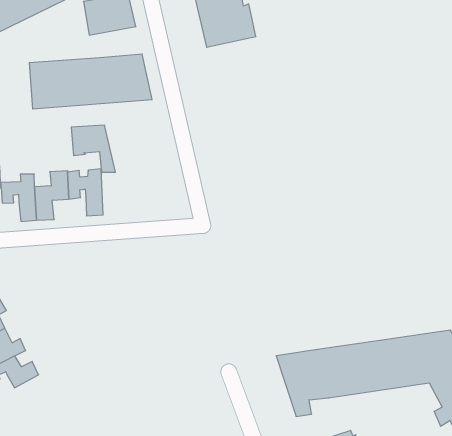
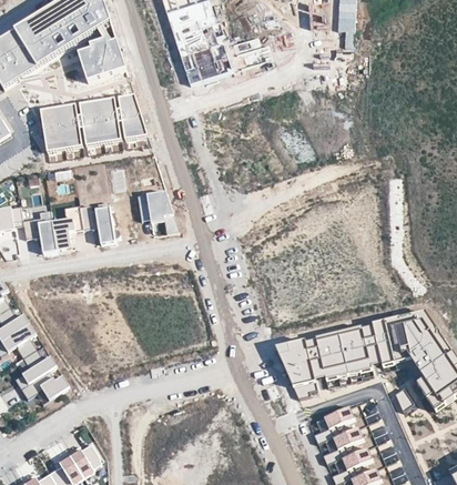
building: [71,125,115,172] -> [135,190,177,231]

